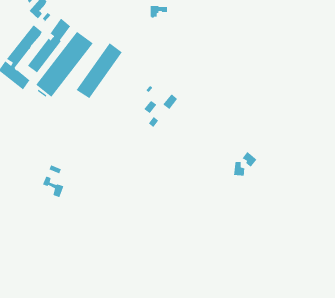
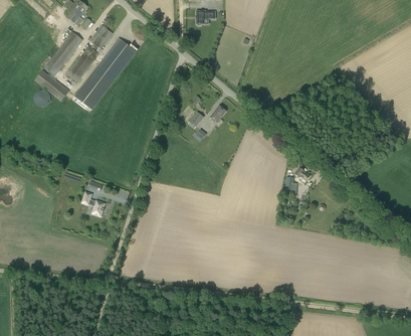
building: [76,42,123,99] -> none

